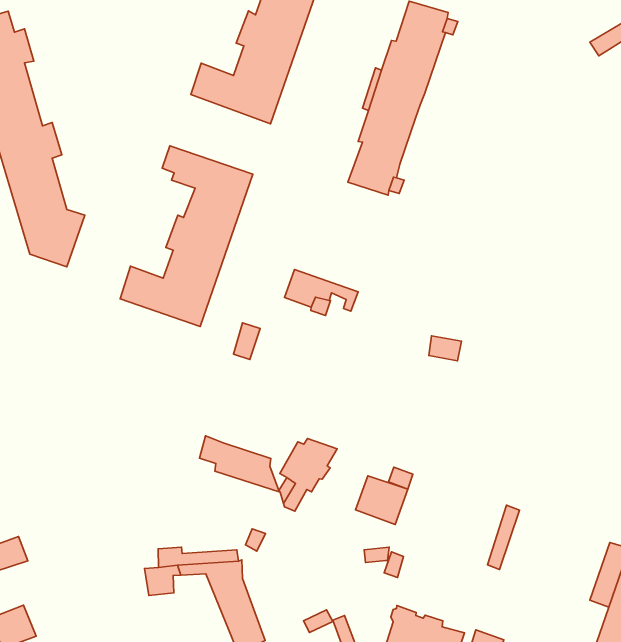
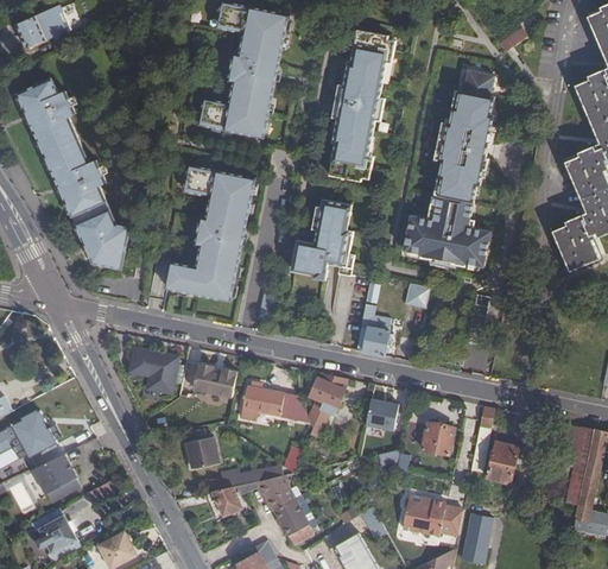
building: none -> [403,70,494,267]
building: none -> [296,200,353,258]
building: none -> [355,304,391,356]
building: none -> [129,349,178,394]
building: none -> [192,365,236,399]
building: none -> [186,437,218,469]
building: none -> [420,424,452,456]
building: none -> [489,443,520,485]

